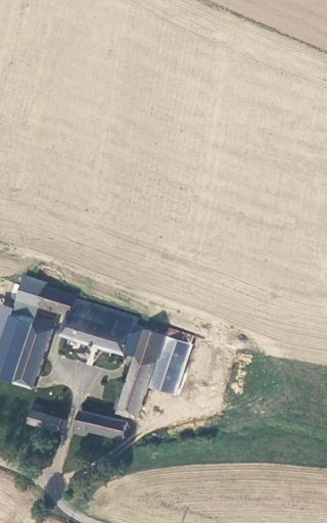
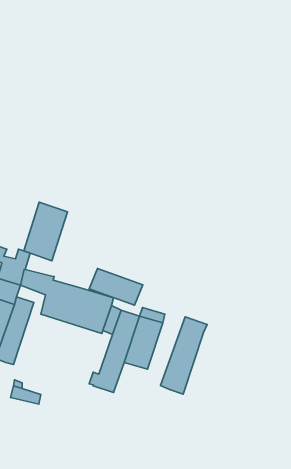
building: none -> [24,202,68,261]
building: none -> [89,269,143,305]
building: none -> [160,317,207,394]
building: [74,412,125,439] -> none

